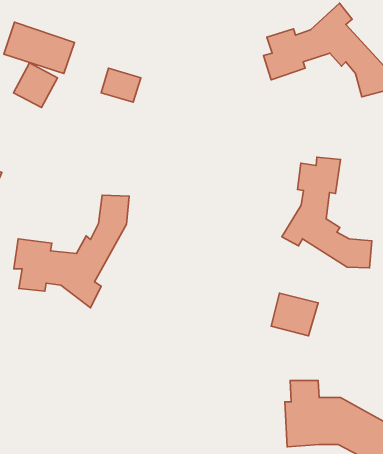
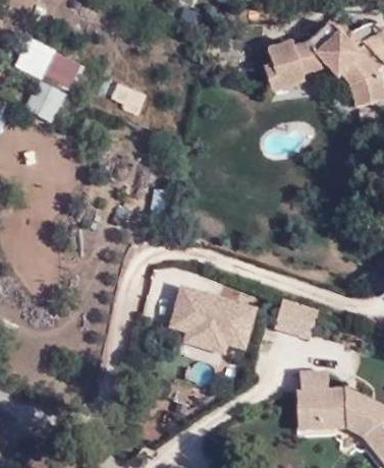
building: [282,157,372,268] -> none
building: [14,195,129,308] -> none
building: none -> [166,279,257,349]

